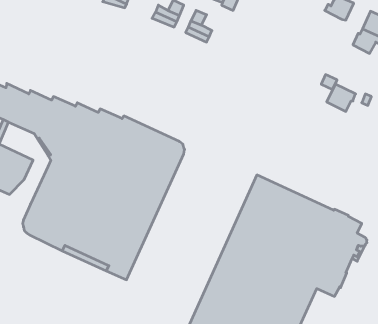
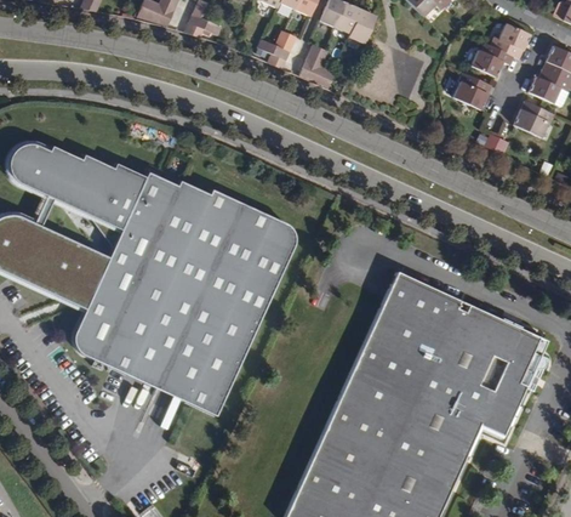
building: none -> [473,41,514,76]
building: none -> [455,72,492,109]
building: [327,84,356,111] -> [514,100,554,137]
building: none -> [57,250,110,311]

